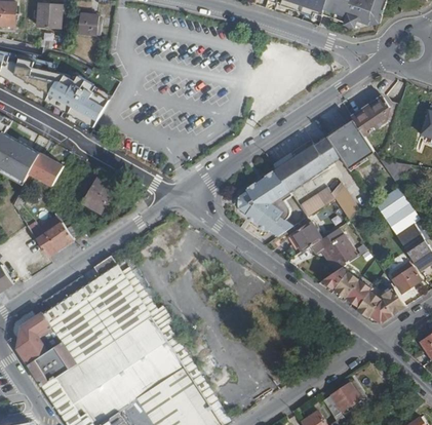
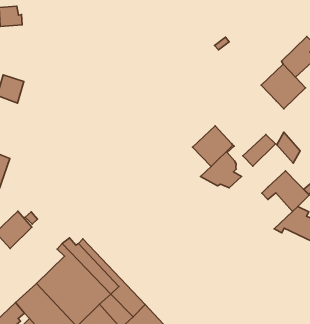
building: [274,133,341,190] -> none
building: [81,178,112,212] -> none
building: [238,187,264,218] -> none
building: [286,223,317,254] -> none

